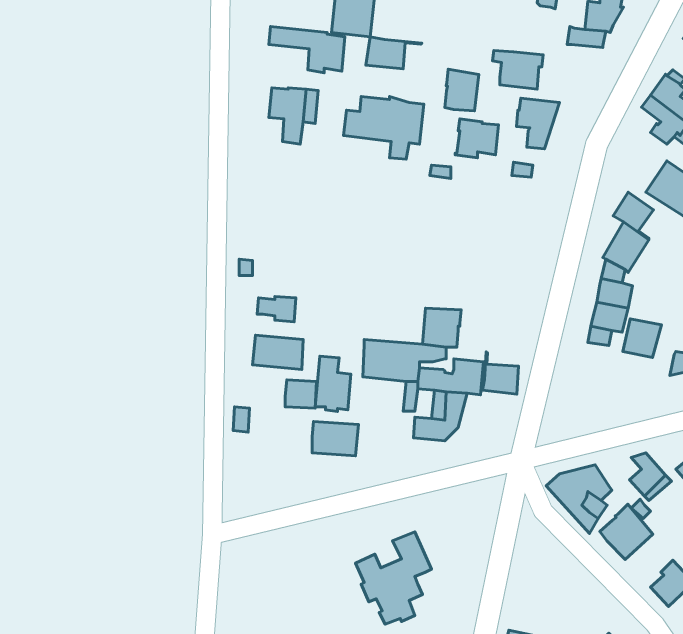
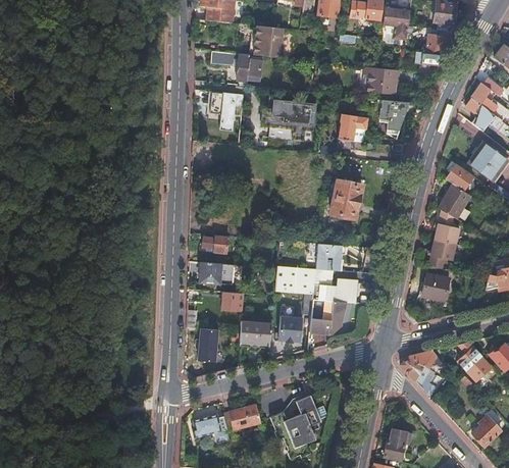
building: [366,37,422,69] -> none
building: [445,69,479,111] -> none
building: none -> [329,178,361,217]
building: [623,319,661,357] -> [422,273,449,300]
building: [483,352,518,394] -> none
building: [315,356,351,411] -> [277,305,302,343]
building: none -> [195,327,218,362]
building: [600,504,653,559] -> none
building: none -> [230,405,260,429]
building: none -> [192,414,230,443]
building: none -> [384,429,412,459]

